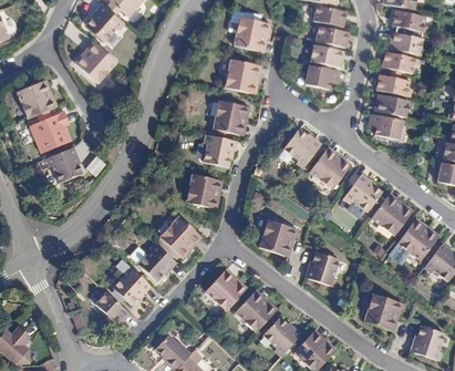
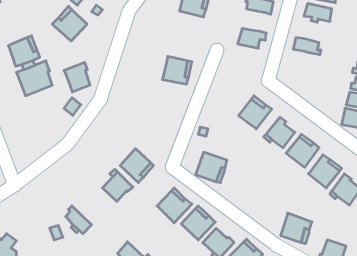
building: [311,48,345,72] -> none
building: [381,56,417,78] -> none
building: [225,61,257,95] -> none
building: [372,96,406,121] -> none
building: [368,118,401,143] -> none
building: [279,133,318,169] -> none
building: [204,137,235,167] -> none
building: [51,144,83,181] -> [64,62,90,92]
building: [186,176,218,210] -> none
building: [300,255,334,288] -> none
building: [112,268,151,306] -> none

